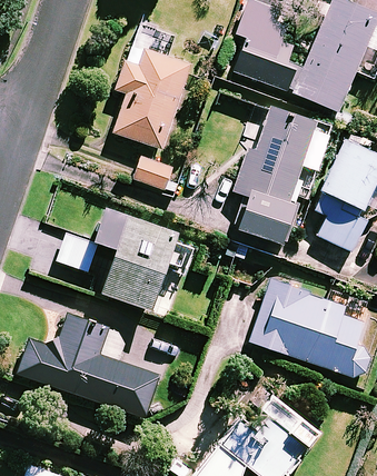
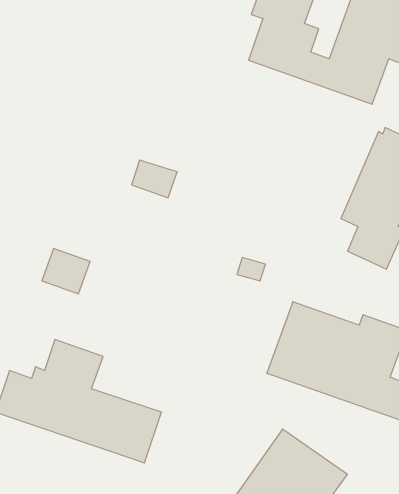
building: [112,30,190,150] -> none
building: [234,107,331,242] -> none
building: [96,207,194,308] -> none

